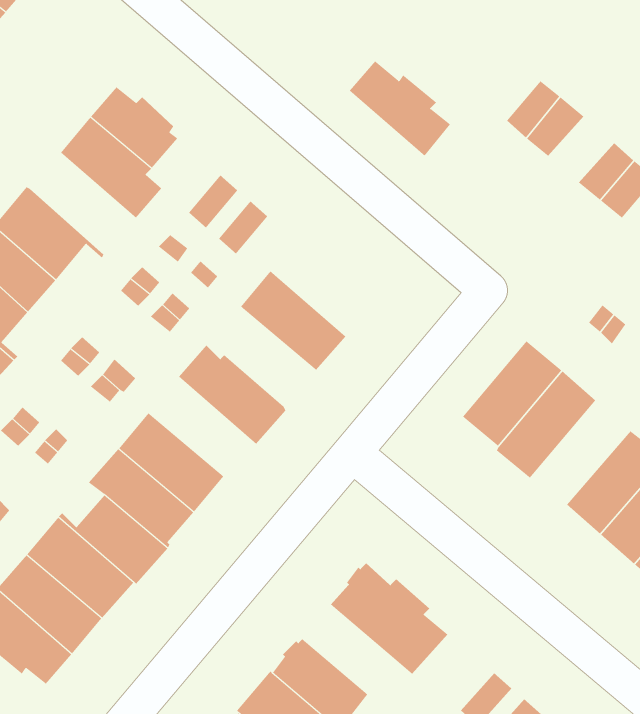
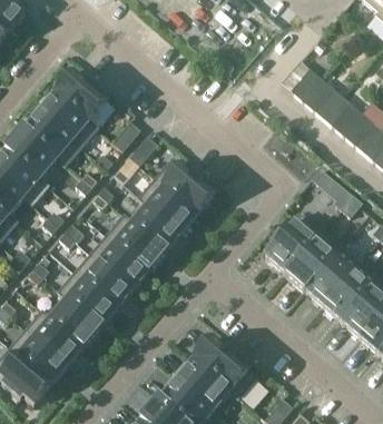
building: [349,61,451,157] -> [158,156,215,209]
building: none -> [24,107,84,164]
building: none -> [132,193,184,248]
building: none -> [90,231,150,287]
building: none -> [303,245,359,303]
building: none -> [176,358,229,408]

